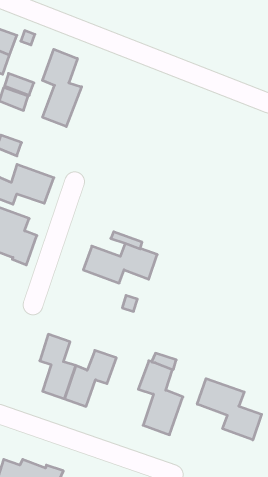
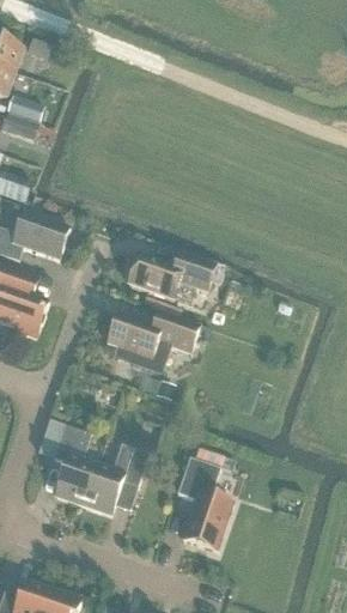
building: [42,49,82,127] -> none
building: none -> [127,251,215,301]
building: [197,379,262,440] -> none

